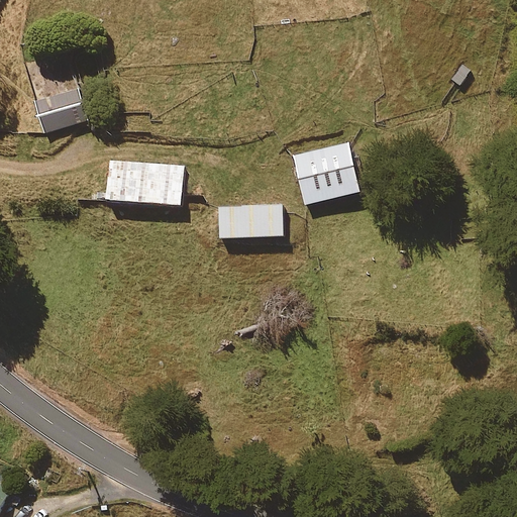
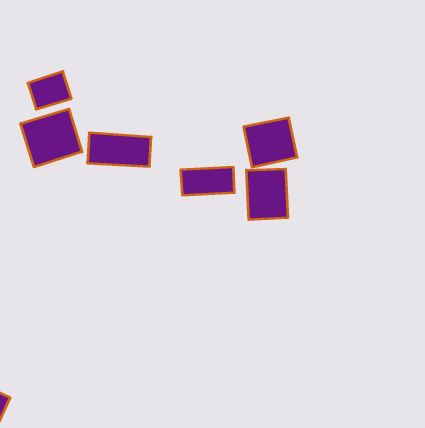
building: none -> [21,109,82,167]
building: none -> [246,169,288,220]

